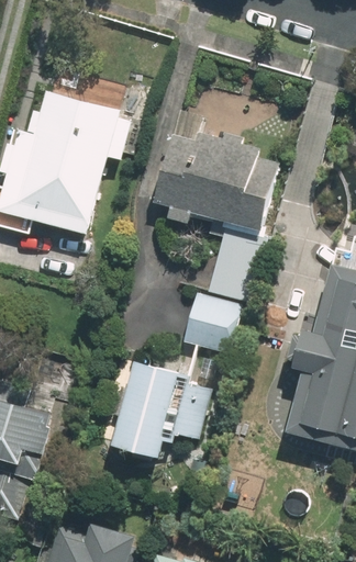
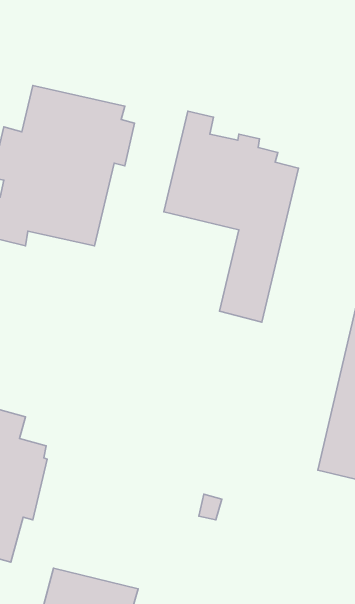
building: [182,295,241,356] -> none
building: [112,362,211,458] -> none

